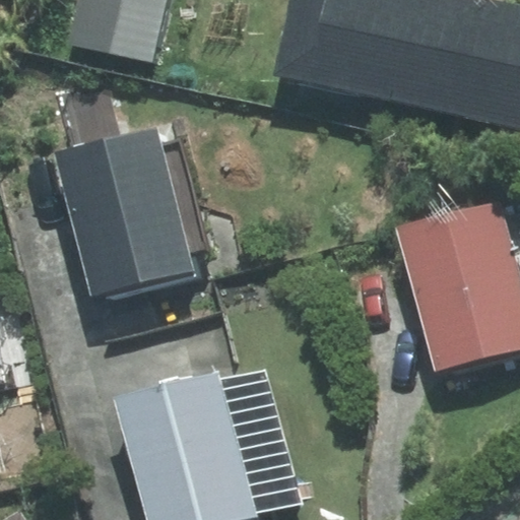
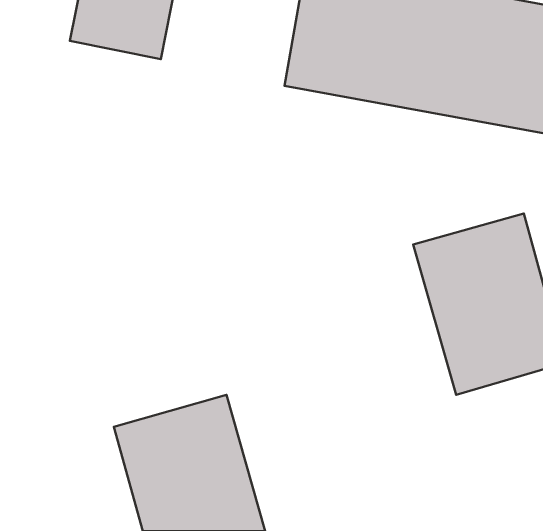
building: [53,127,196,334] -> none

